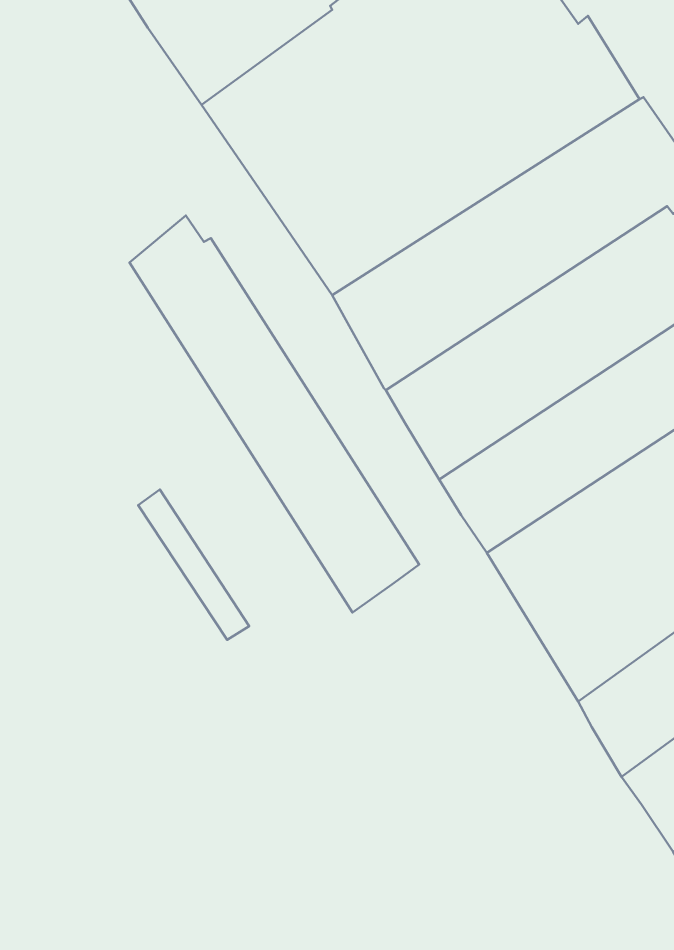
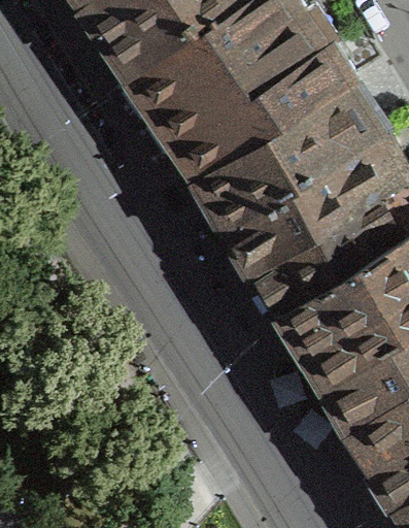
building: [129,216,419,613] -> none

